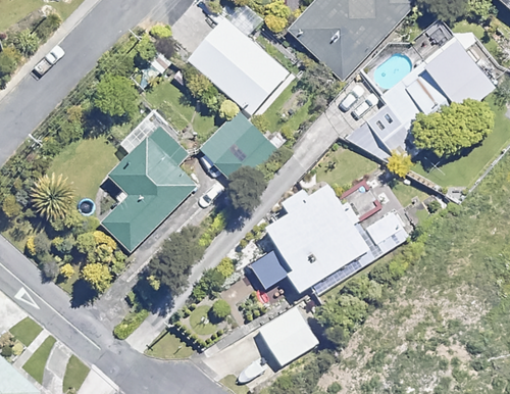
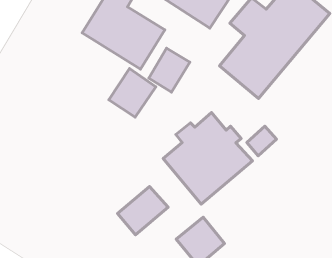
building: none -> [149,48,190,92]
building: [102,112,195,250] -> none
building: none -> [117,186,168,235]

